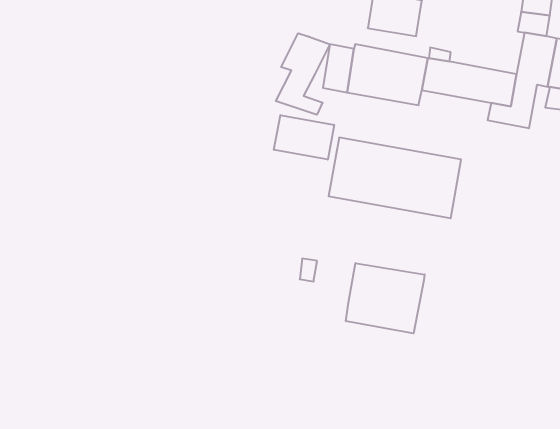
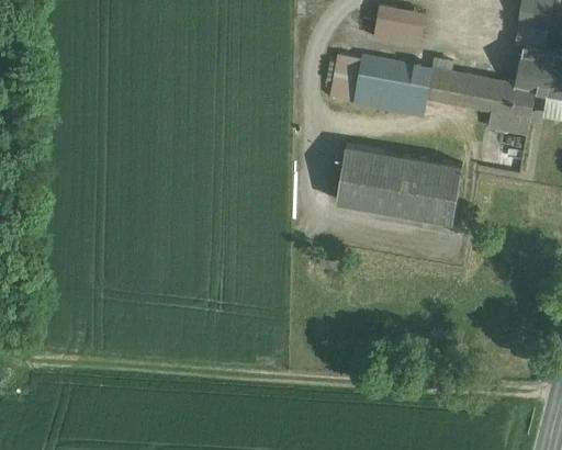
building: [276,33,330,115] -> none
building: [274,115,334,160] -> none
building: [346,263,425,333] -> none

